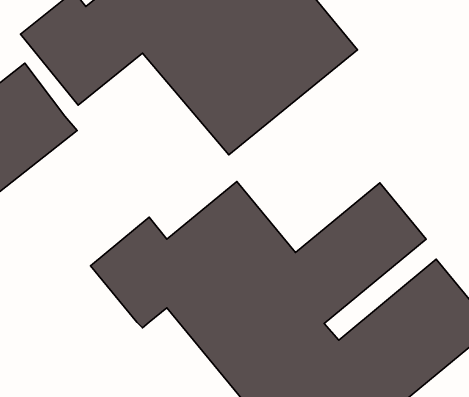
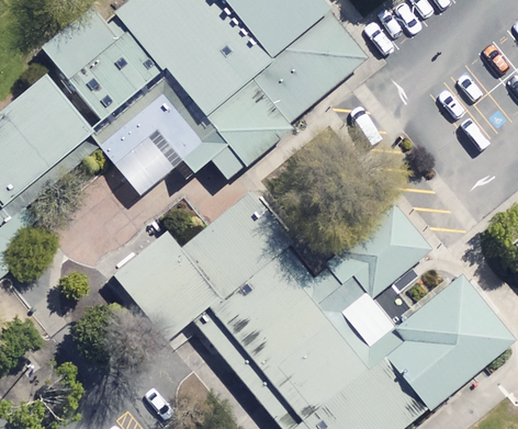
building: none -> [83,66,238,192]

